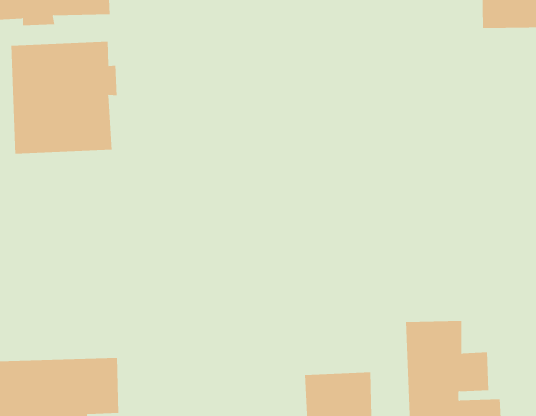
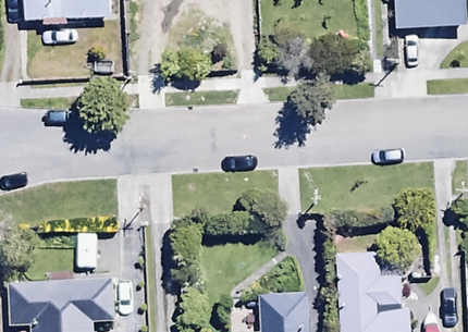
building: [11,41,117,154] -> none

